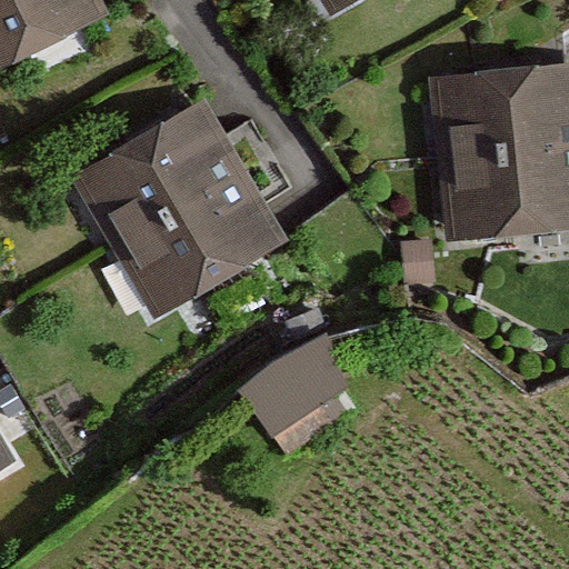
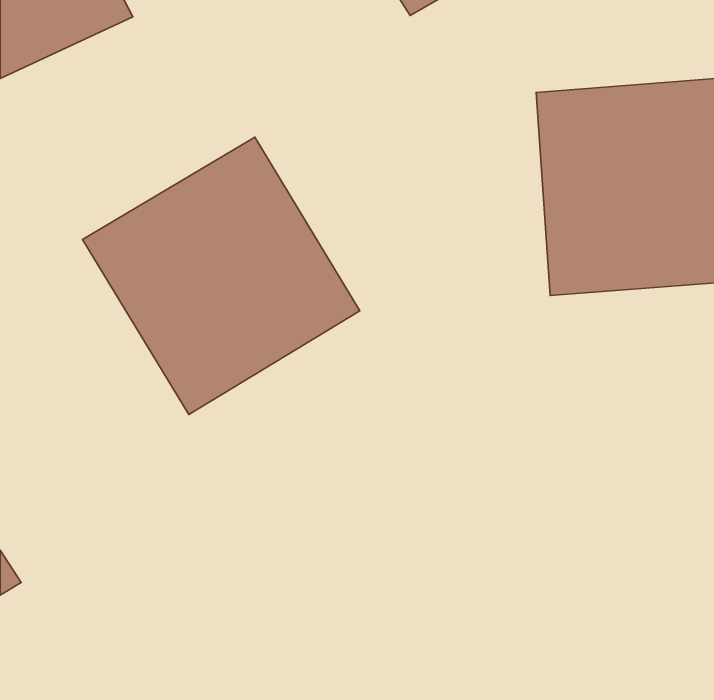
building: [248,317,371,435] -> none

